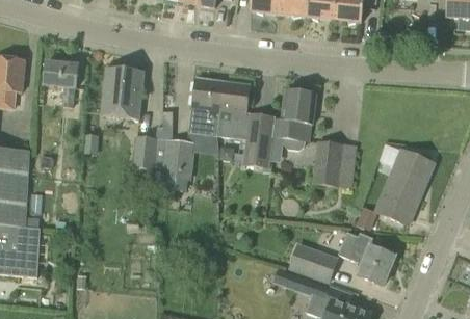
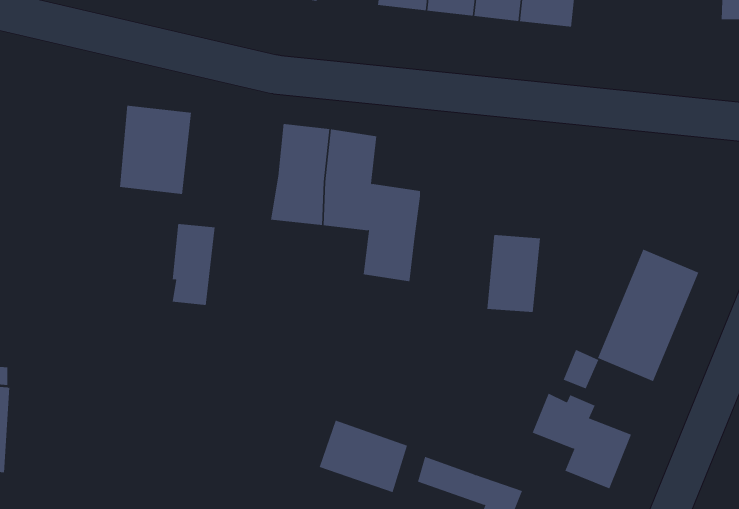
building: [44,60,78,106] -> none
building: [271,88,316,150] -> none
building: [160,109,194,190] -> none
building: [287,241,338,283] -> [319,420,408,493]

